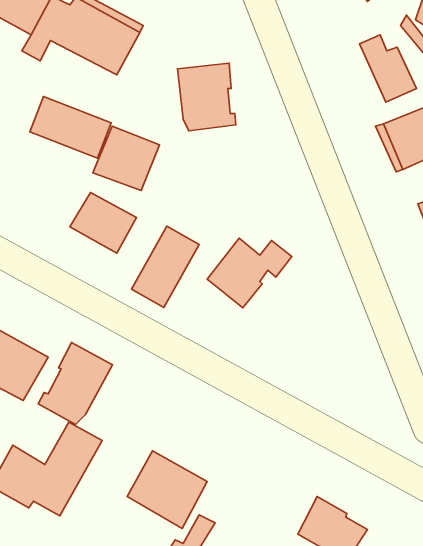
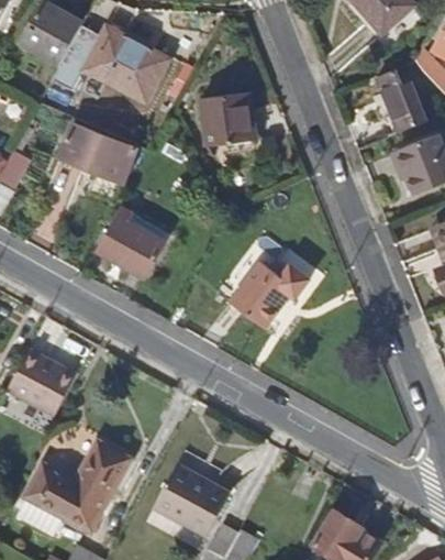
building: [93,126,159,191] -> none
building: [132,226,199,307] -> none
building: [38,343,113,424] -> none

